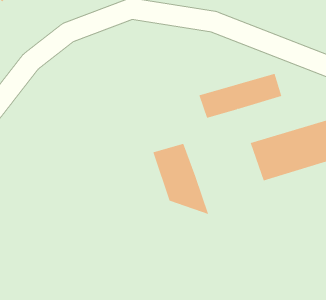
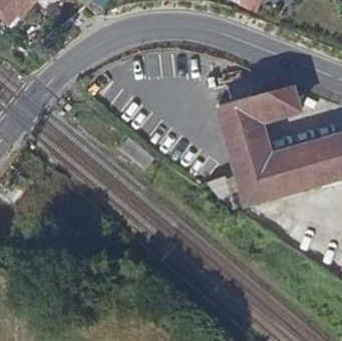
building: [153,143,209,215] -> [223,123,279,195]

